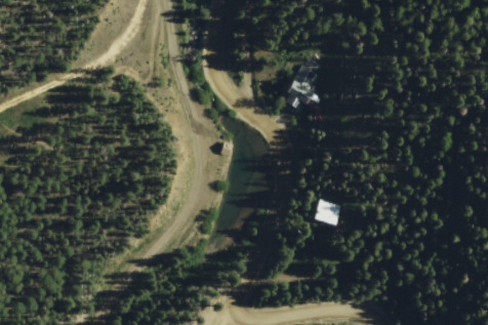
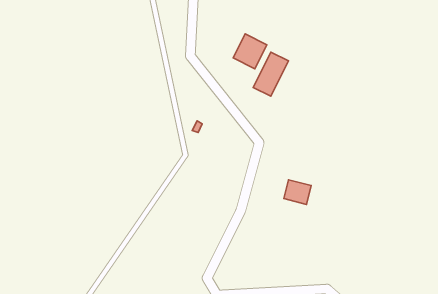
building: none -> [233,34,267,69]

